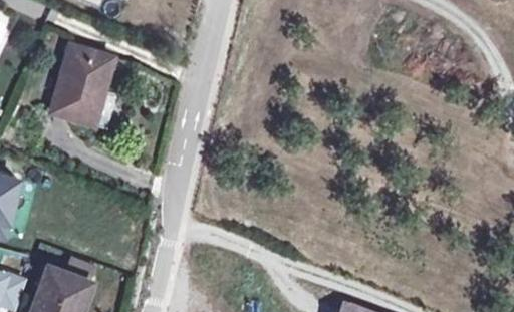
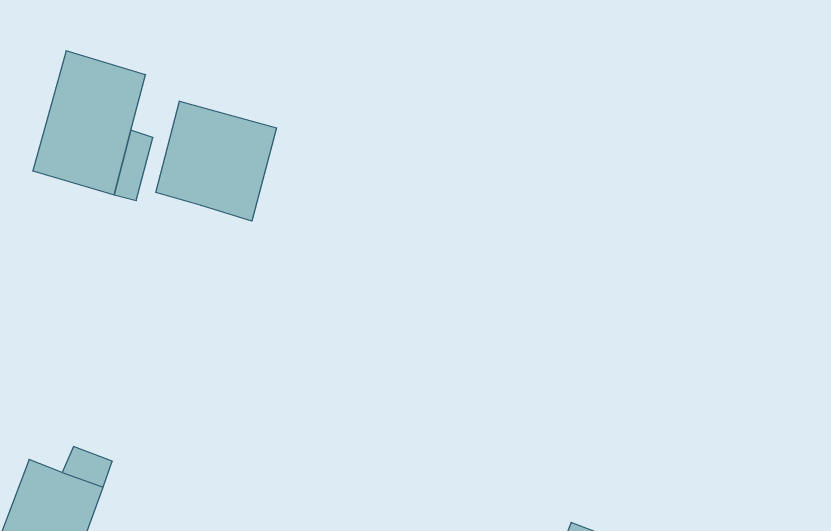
building: none -> [156,101,276,221]

